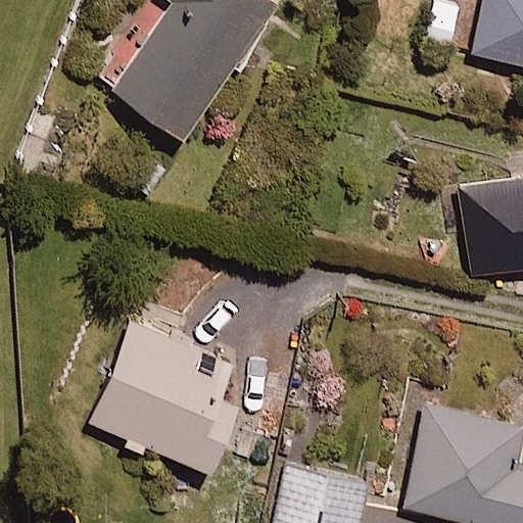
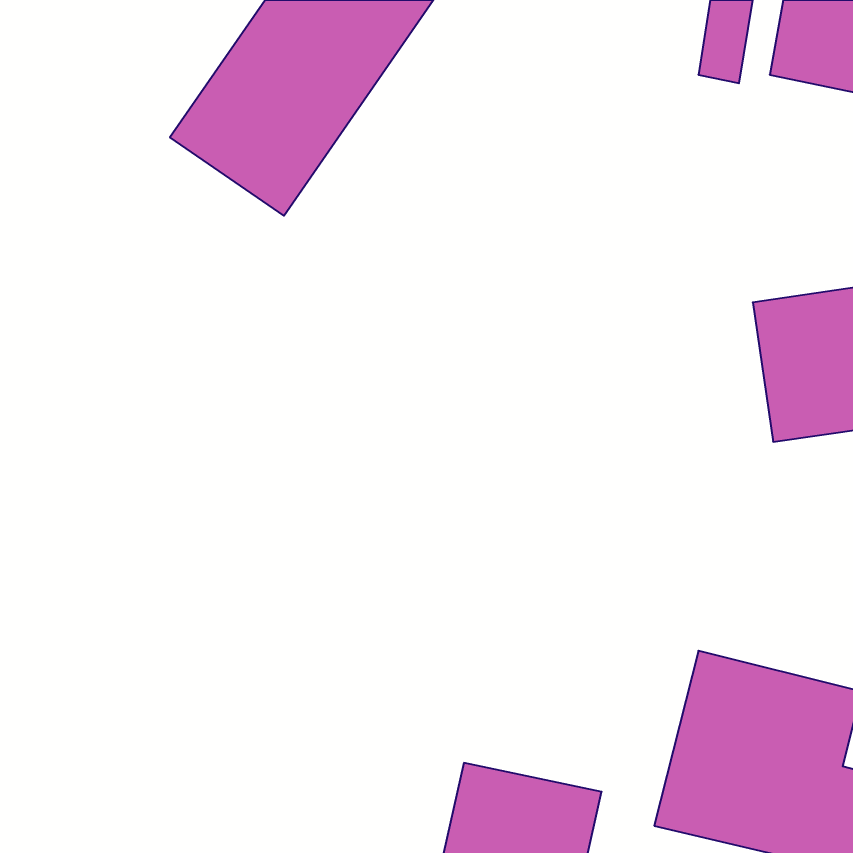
building: [90,321,233,471] -> none

